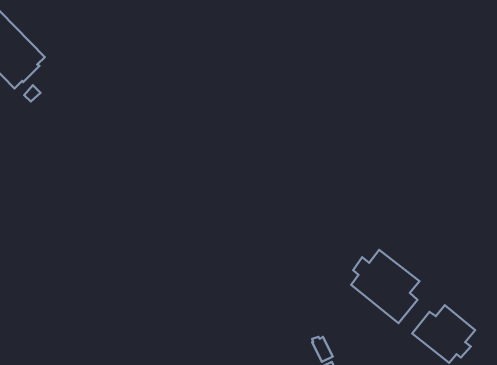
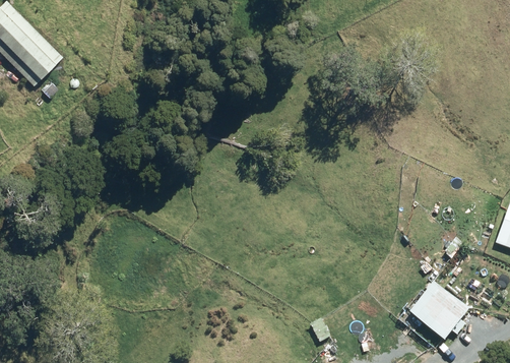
building: [351,250,419,323] -> none

